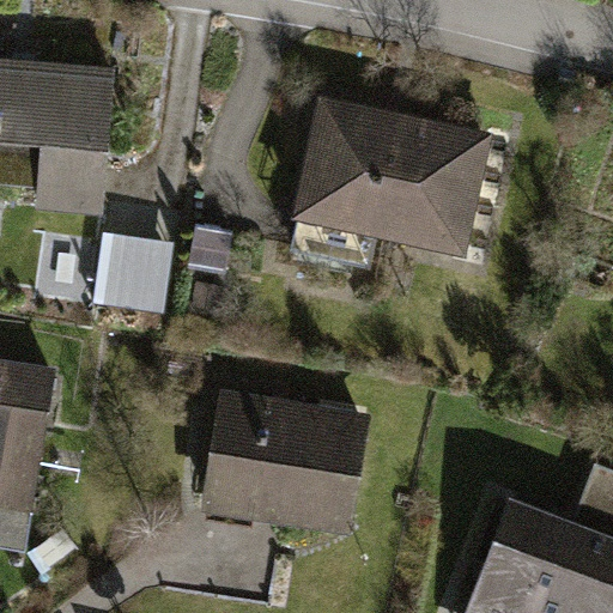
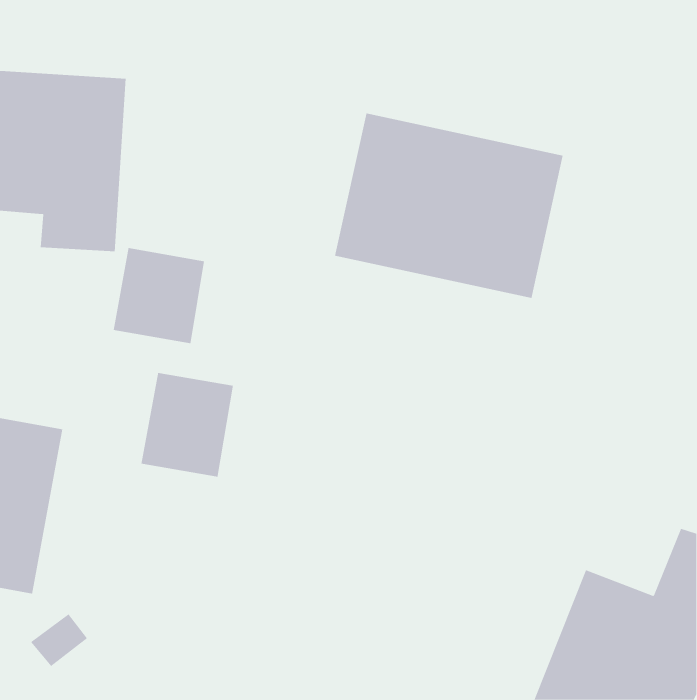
building: none -> [141,372,234,478]
building: [200,390,372,536] -> none

